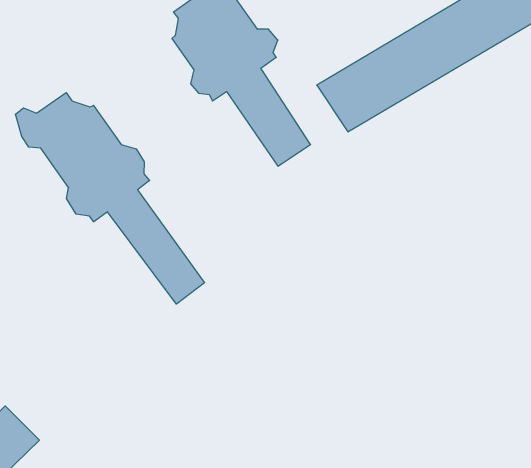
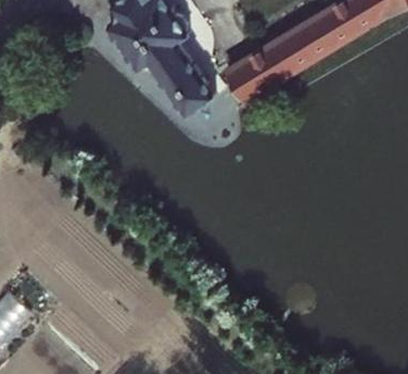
building: [15,93,205,304] -> none

